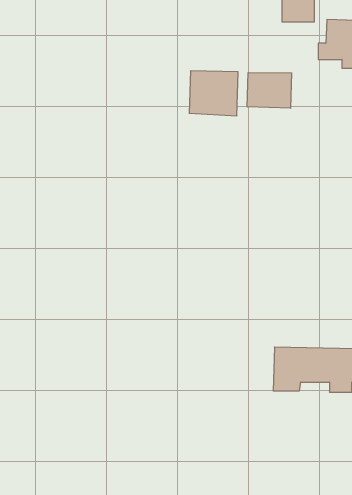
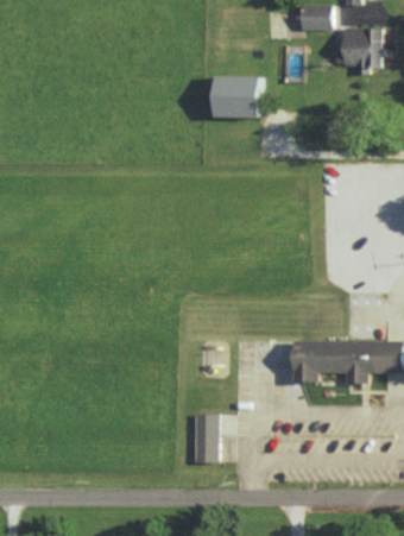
building: [247,73,292,108] -> none
building: none -> [194,414,216,462]

